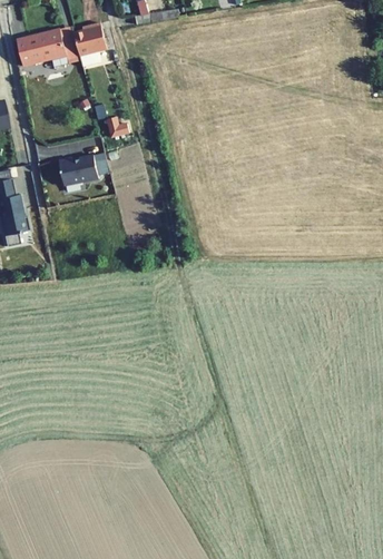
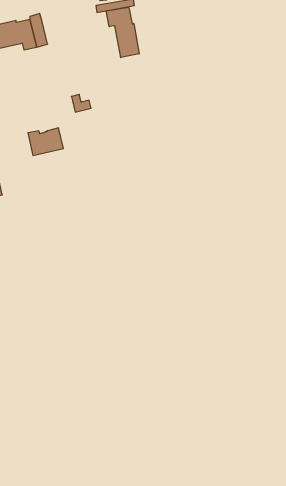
building: none -> [106,7,139,58]
building: [72,22,105,66] -> none

